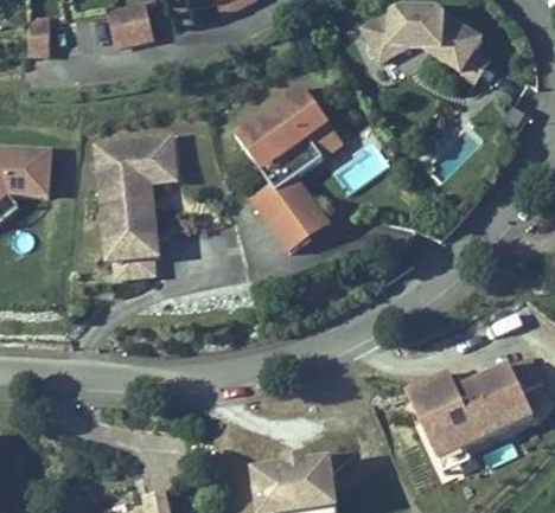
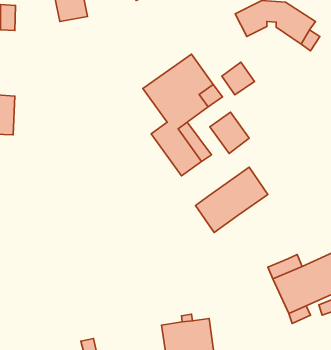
building: none -> [222,62,254,95]
building: [90,129,177,284] -> none
building: none -> [210,112,249,153]
building: none -> [196,167,268,233]

